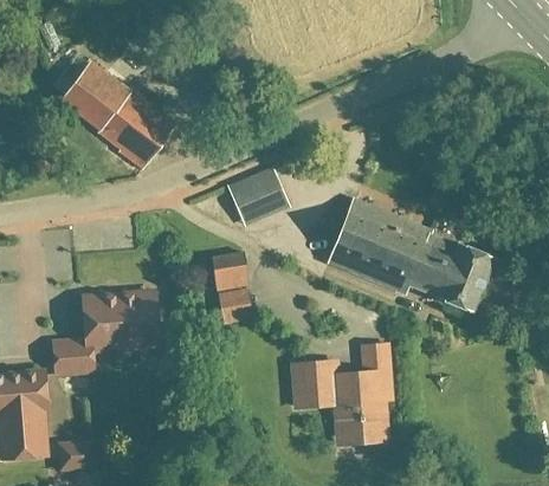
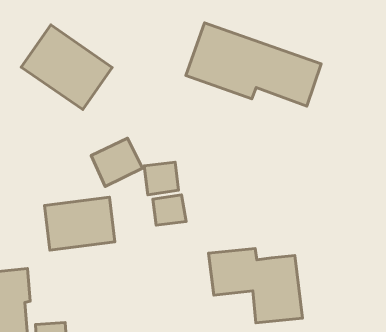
building: [228,166,292,225] -> [91,138,143,186]
building: [322,197,493,310] -> [186,23,321,106]
building: [360,344,390,371] -> none
building: [57,351,97,378] -> none

